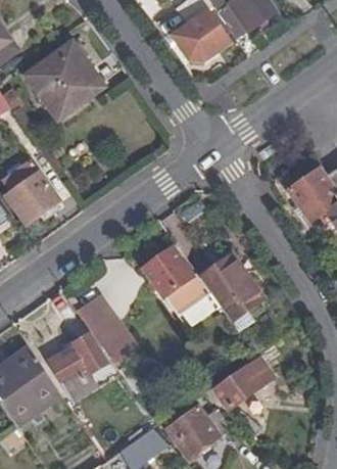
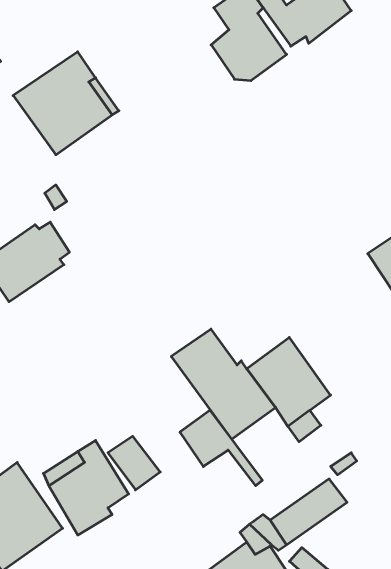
building: [78,296,139,353] -> [180,410,262,486]

